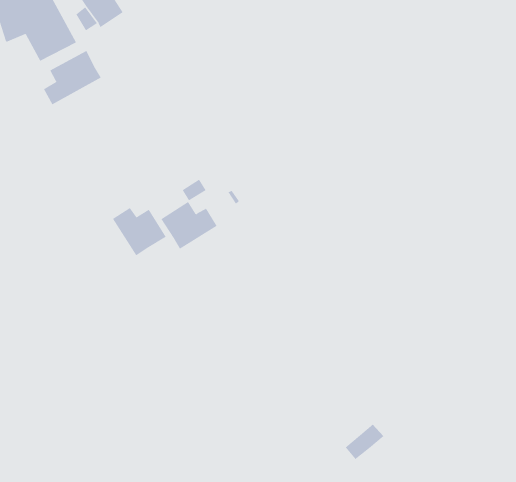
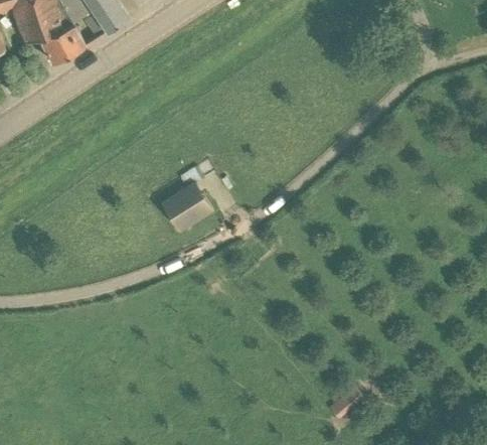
building: [43,50,101,105] -> none
building: [112,207,166,256] -> none

